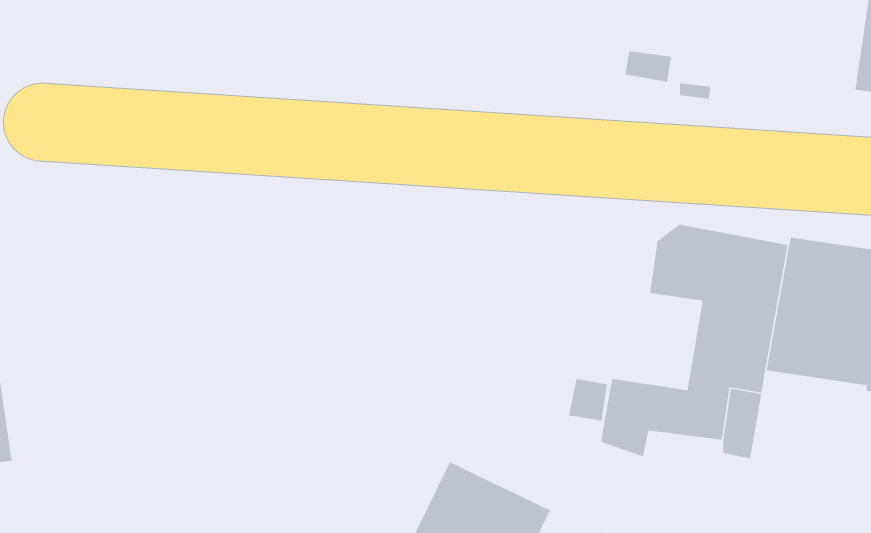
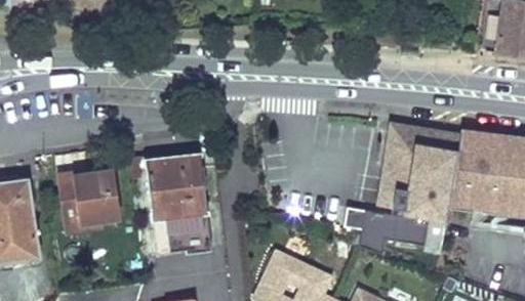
building: none -> [147,153,210,251]
building: none -> [57,169,120,230]

